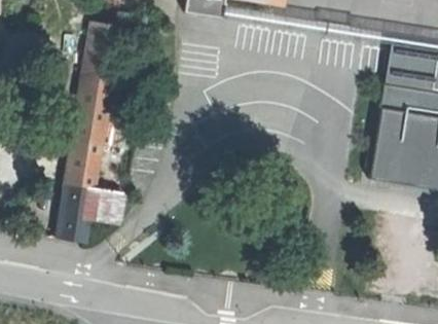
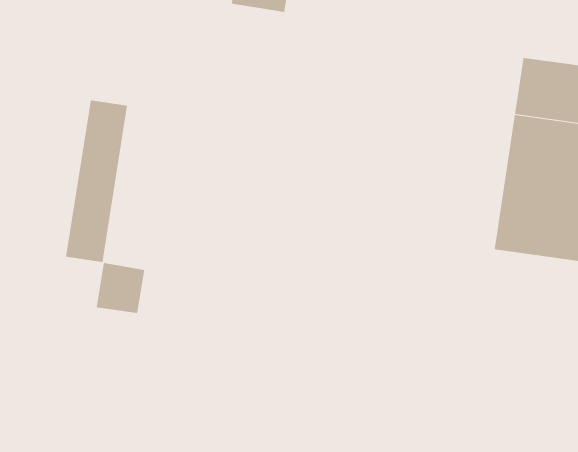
building: [85,17,120,77] -> none
building: [60,184,95,241] -> none

